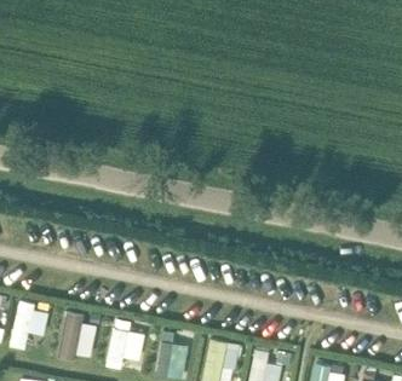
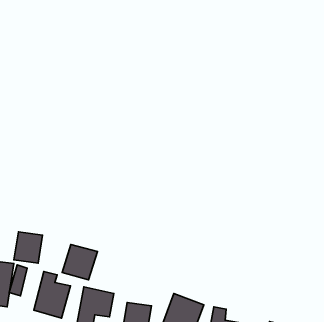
building: none -> [14,232,43,263]
building: none -> [62,244,97,280]

